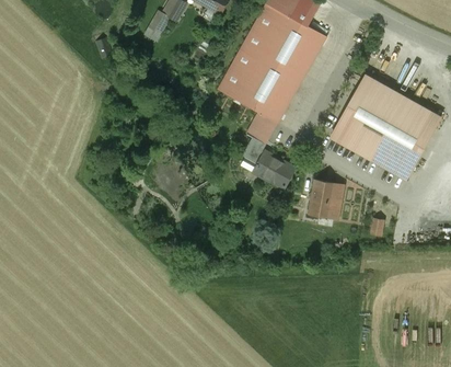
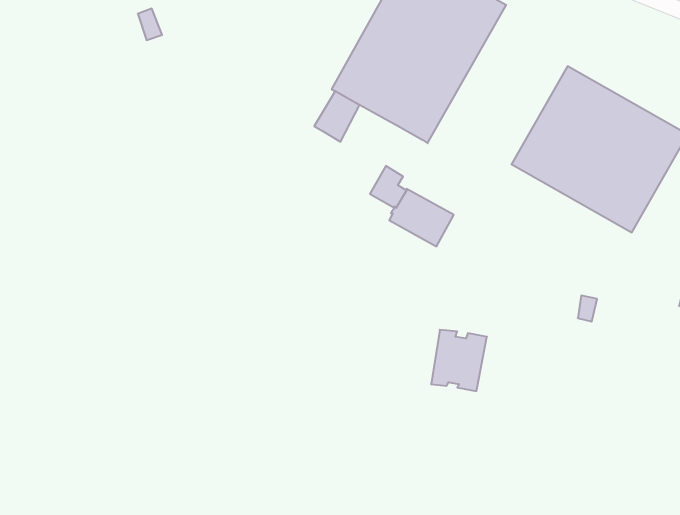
building: [246,112,275,144] -> [314,91,360,142]
building: [310,180,345,218] -> [431,330,487,391]

